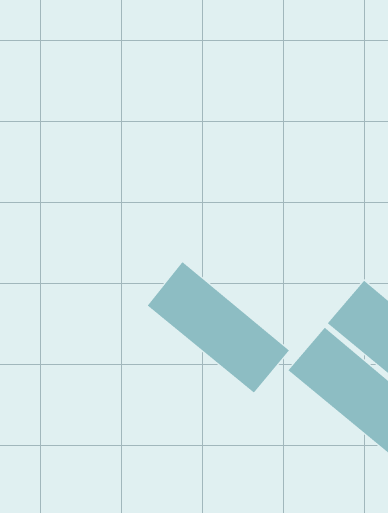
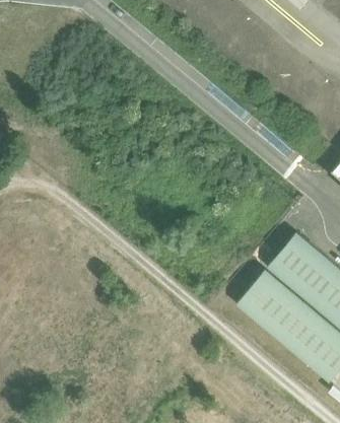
building: [147,261,290,393] -> none

